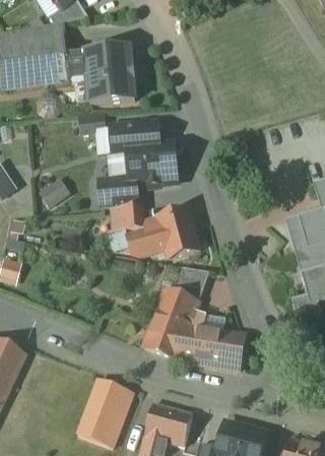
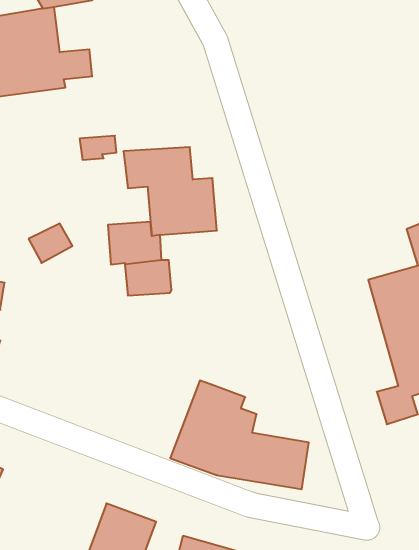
building: [86,48,135,104] -> none
building: [128,209,201,259] -> none
building: [174,266,210,303] -> none

